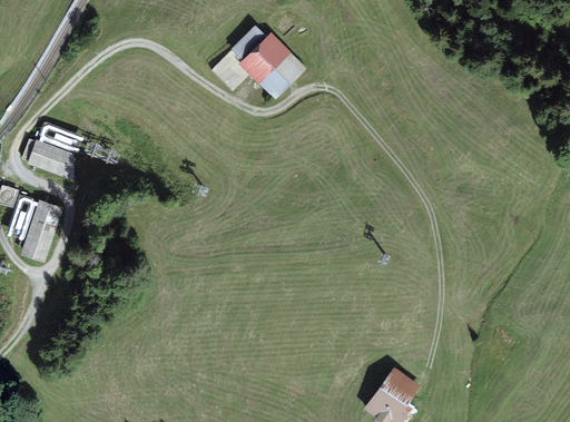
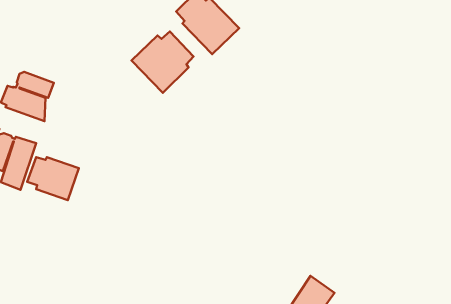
building: none -> [131,31,194,93]
building: none -> [27,157,79,200]

